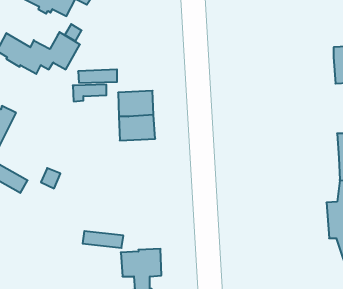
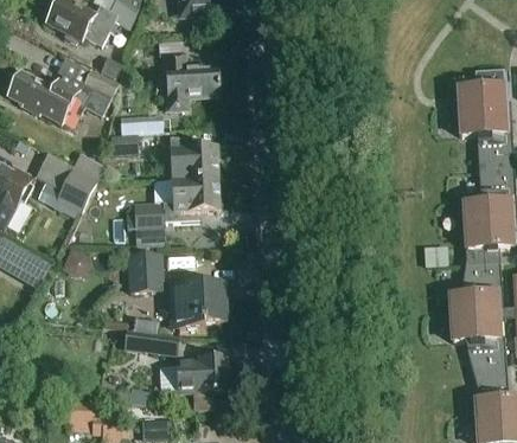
building: none -> [164,53,221,108]
building: none -> [33,153,96,217]
building: none -> [125,203,164,246]
building: none -> [126,253,161,293]
building: none -> [168,282,224,328]

